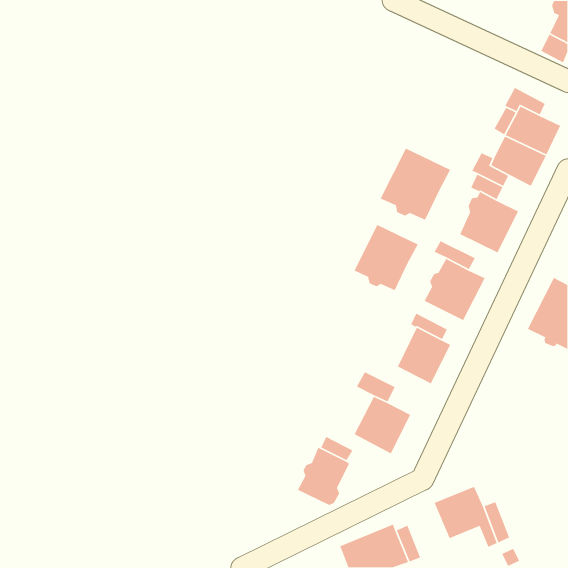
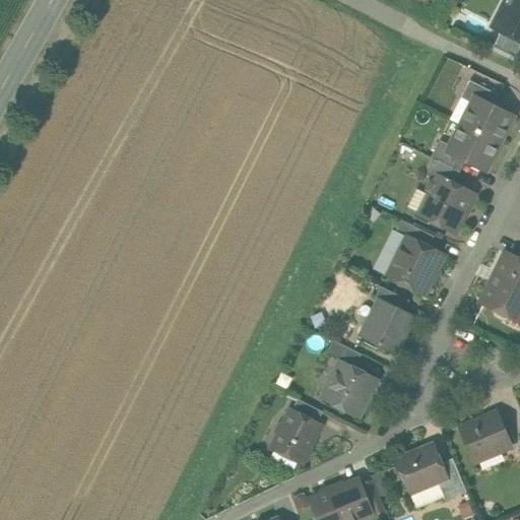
building: [380,147,451,221] -> none
building: [353,224,419,291] -> none
building: none -> [460,412,511,461]

